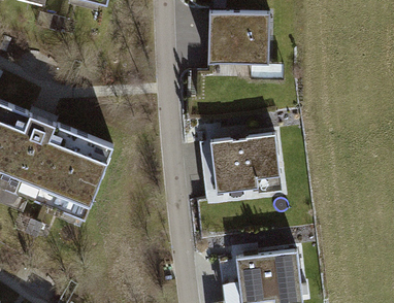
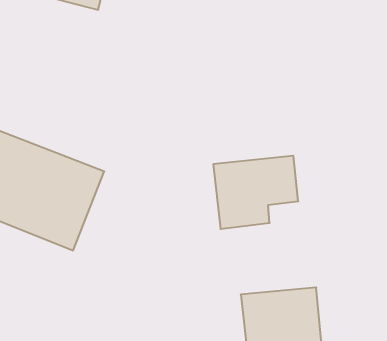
building: [208,11,269,68] -> none

